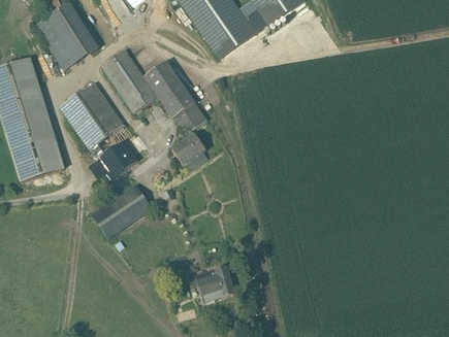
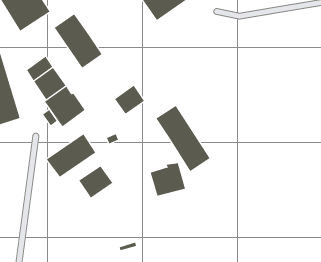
building: [142,59,205,135] -> [156,105,210,172]
building: [62,81,125,132] -> none
building: none -> [79,166,113,198]
building: [195,264,236,302] -> [150,163,186,196]

